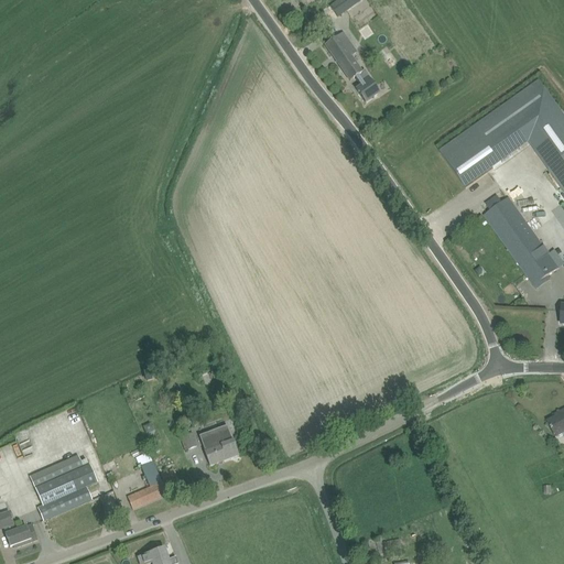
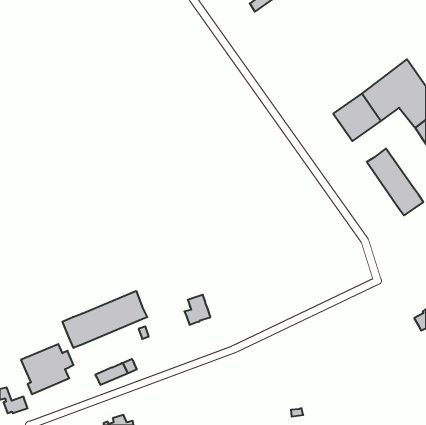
building: [324,31,378,101] -> none
building: none -> [62,291,147,348]
building: [203,424,237,464] -> [184,295,210,325]

